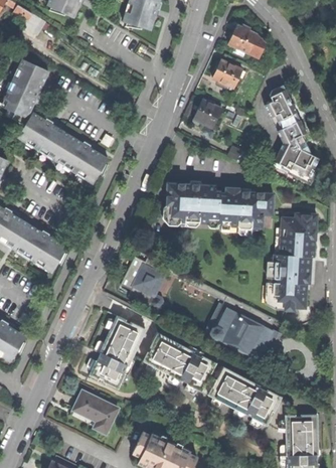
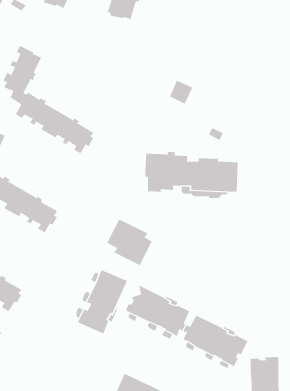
building: [227,24,259,55] -> none
building: [211,53,241,87] -> none
building: [265,84,318,178] -> none
building: [268,211,319,309] -> none
building: [206,302,278,359] -> none
building: [73,391,118,433] -> none

